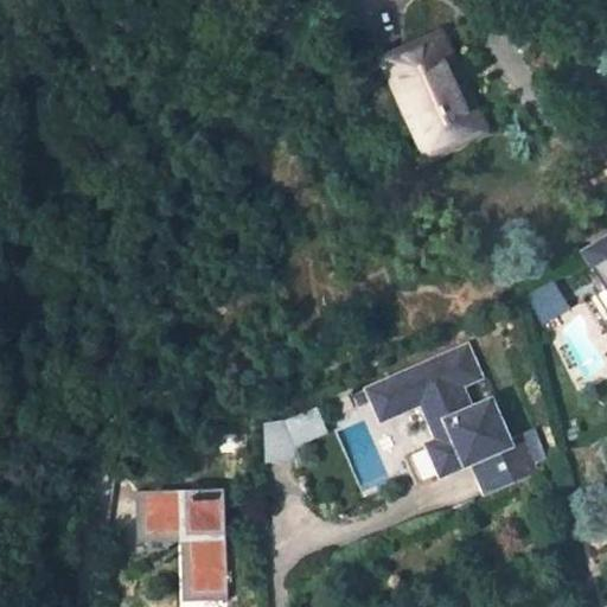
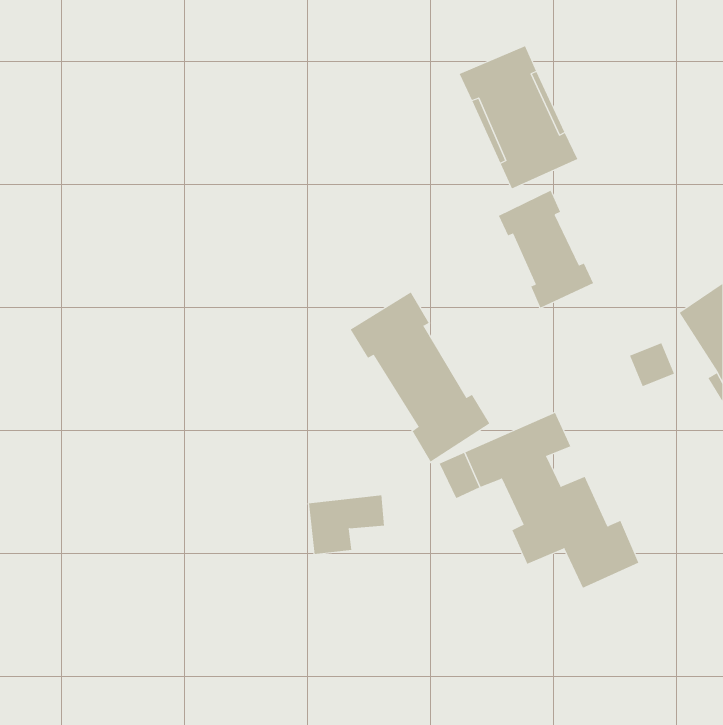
building: none -> [498,190,594,308]
building: none -> [350,291,490,463]
building: [146,488,232,595] -> none

